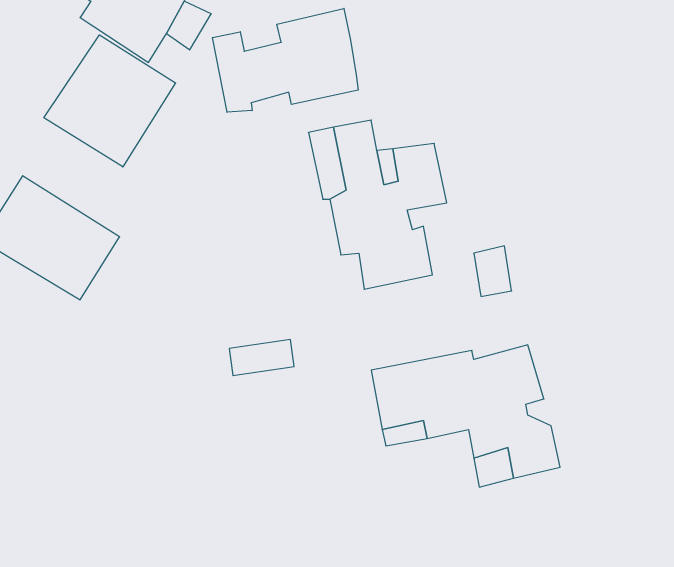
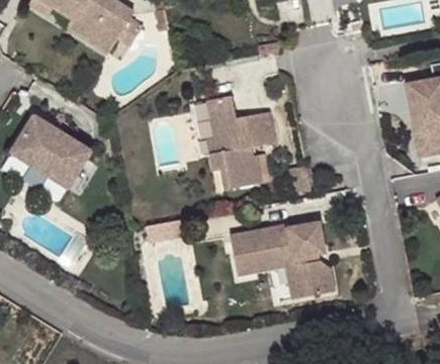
building: [212,8,358,112] -> none
building: [44,35,176,167] -> none

